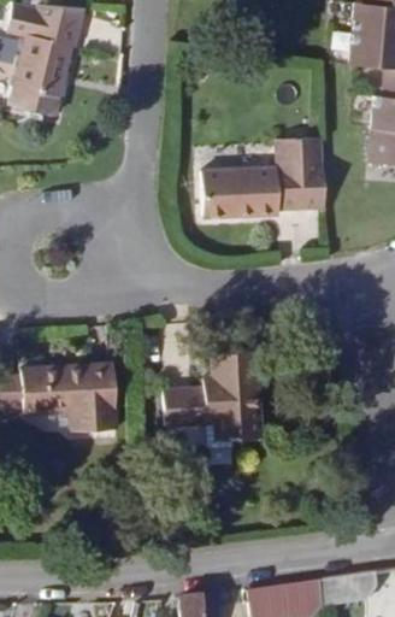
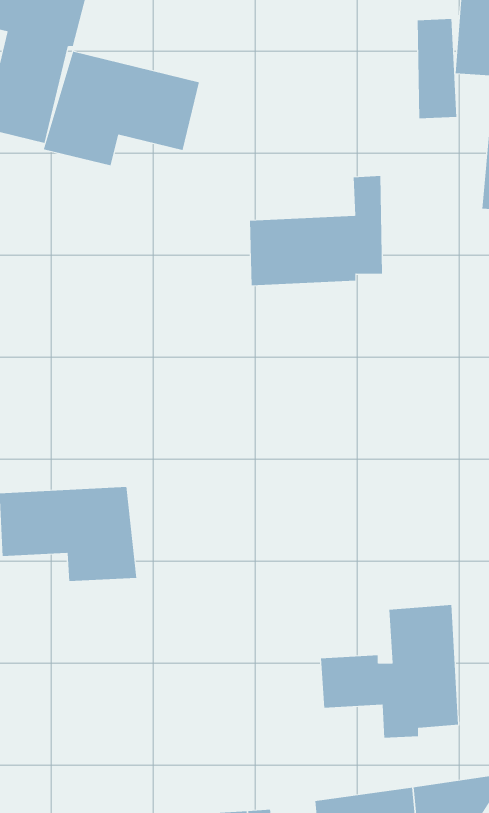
building: none -> [43,51,200,166]
building: [296,137,325,210] -> [417,19,457,119]
building: [161,352,261,448] -> [320,605,459,738]

